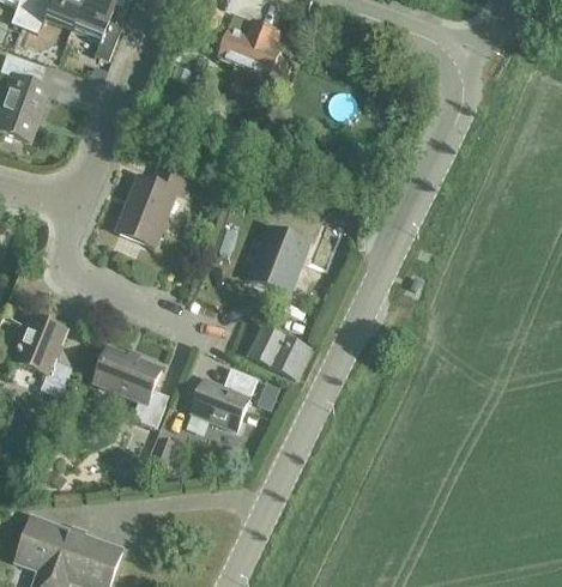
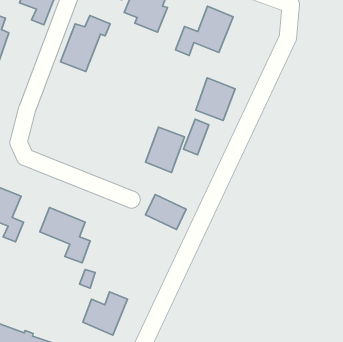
building: none -> [175,6,233,55]
building: none -> [196,78,235,121]
building: [117,163,191,246] -> [61,16,110,72]
building: [192,367,258,430] -> [83,292,127,335]

